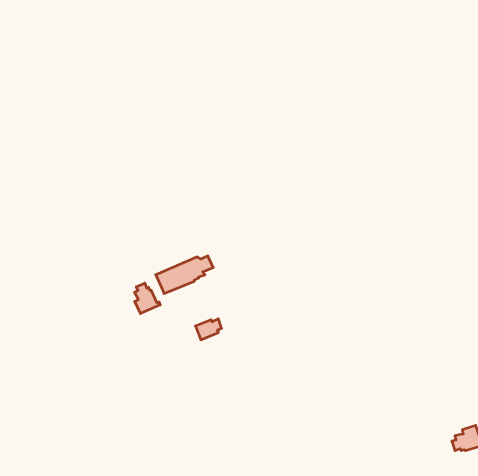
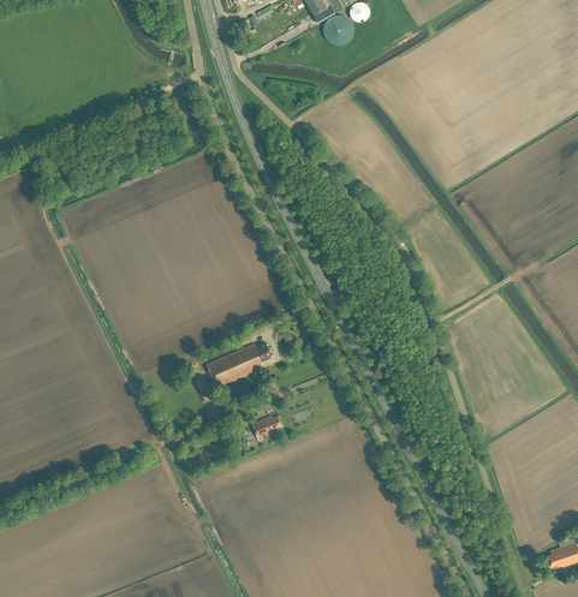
building: [135,283,160,314] -> none

